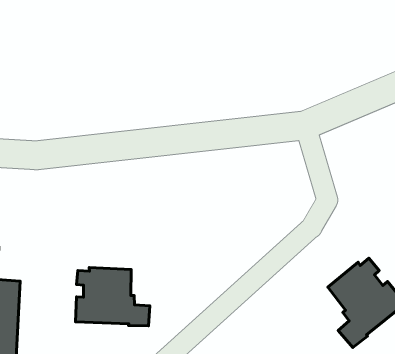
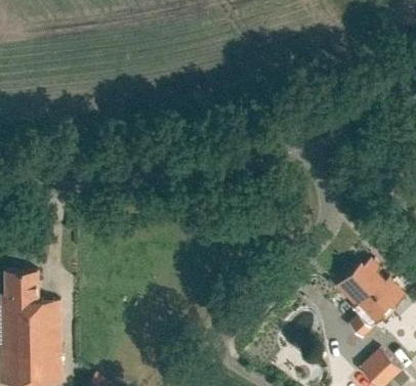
building: [76,268,150,326] -> none

